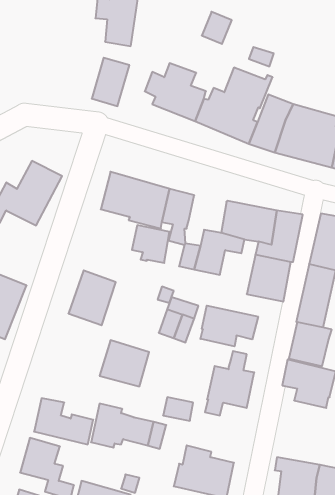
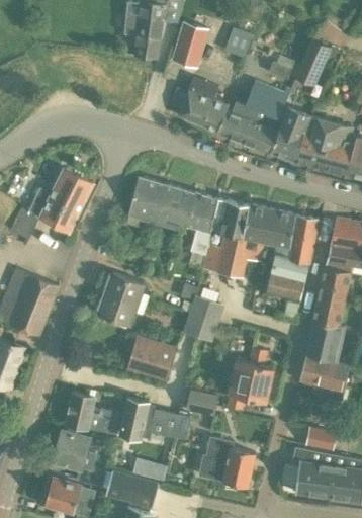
building: none -> [294,39,331,87]
building: [92,58,129,106] -> [172,22,207,68]
building: [132,225,170,263] -> [211,201,247,237]
building: [200,306,258,346] -> none
building: none -> [304,428,336,452]

